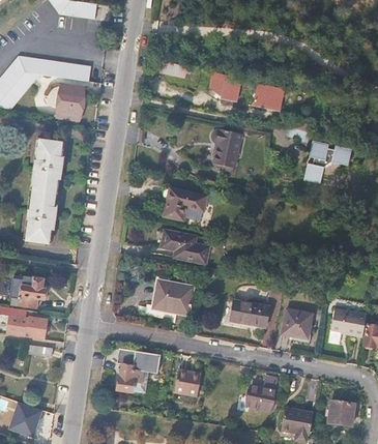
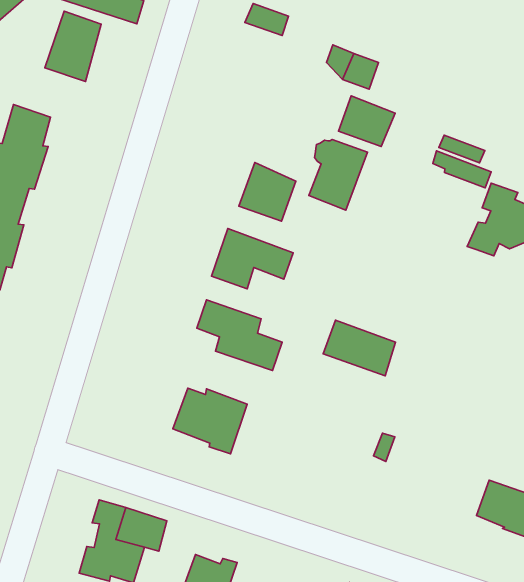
building: [255,84,285,110] -> [339,96,395,147]
building: none -> [239,163,296,221]
building: [231,299,270,326] -> [323,320,396,376]
building: [283,309,313,338] -> none

